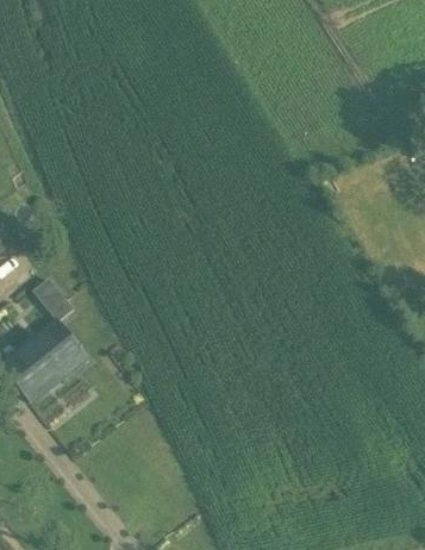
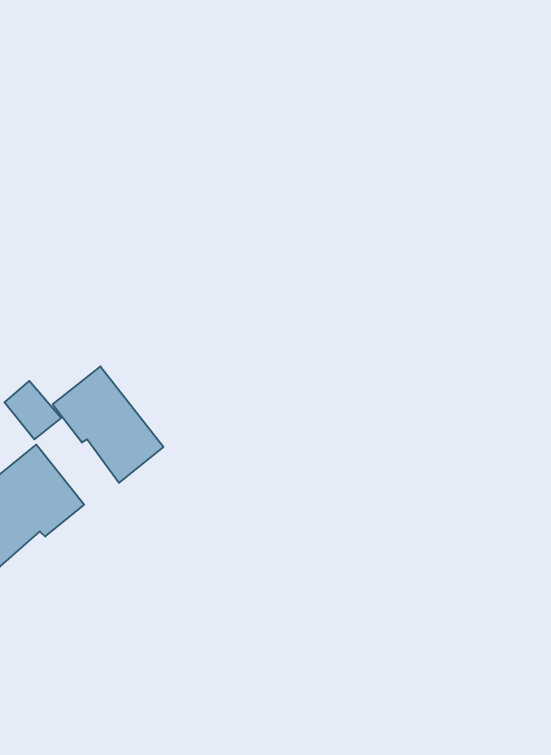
building: none -> [53,366,163,483]

